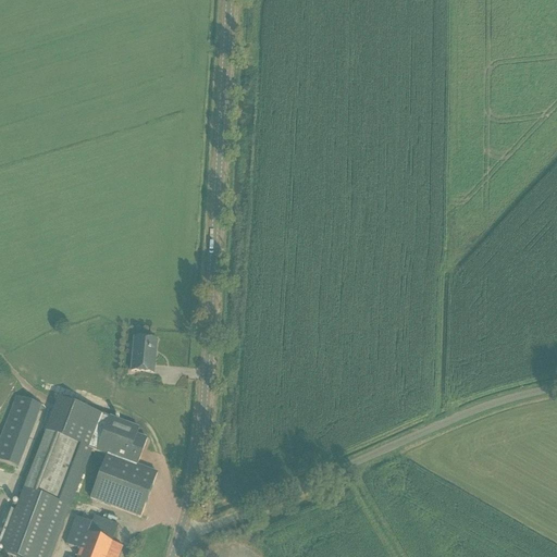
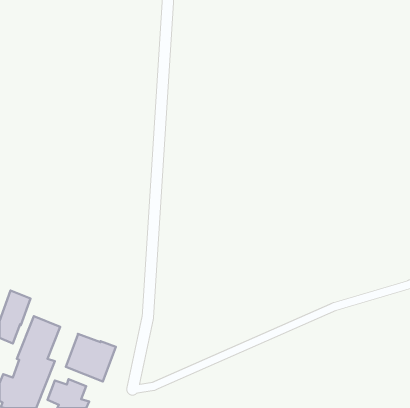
building: [129,335,156,370] -> none
building: [46,395,146,488] -> none

